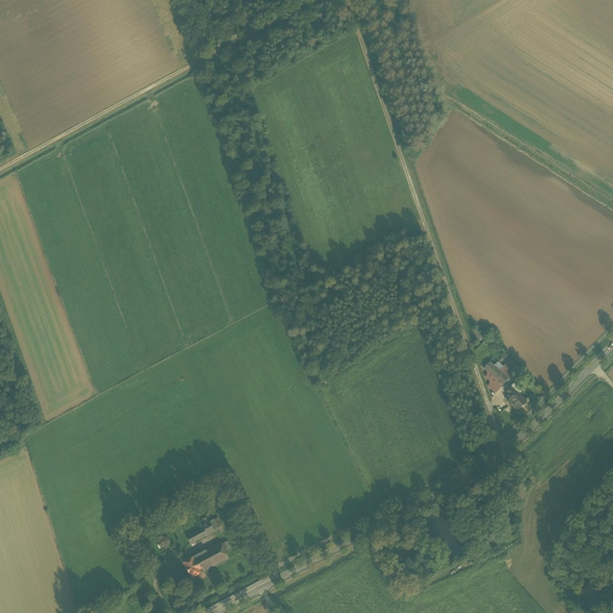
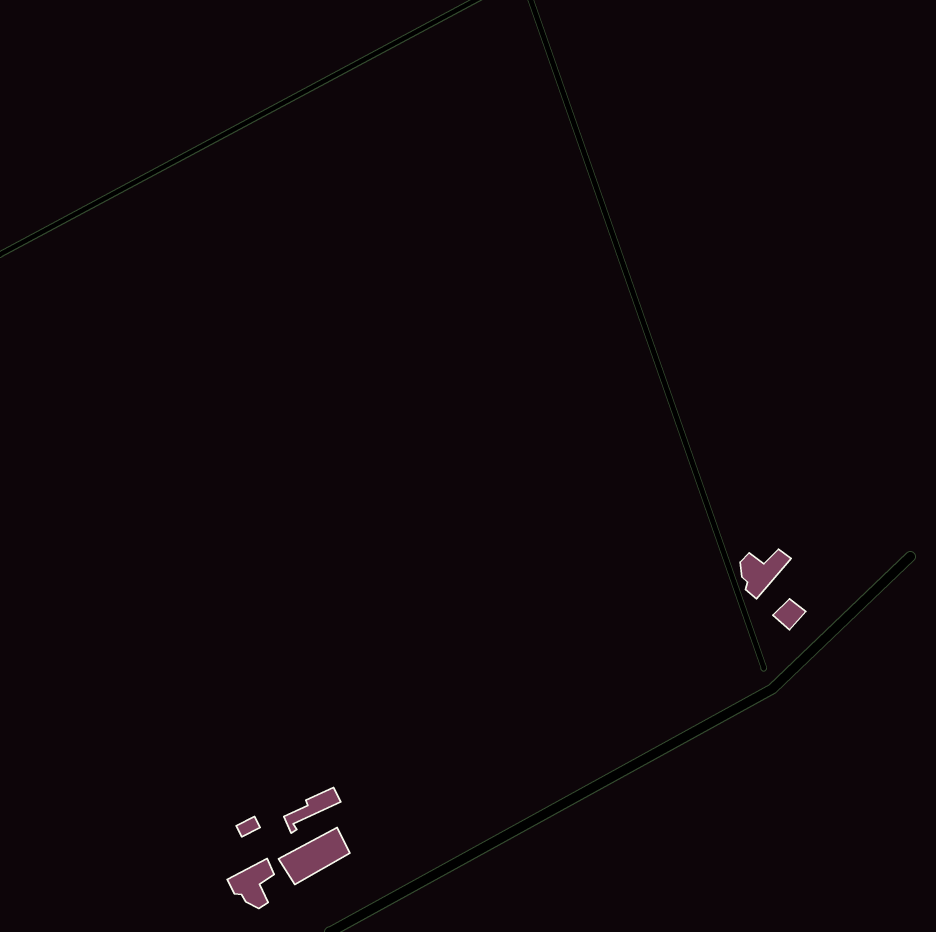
building: none -> [227,858,274,908]

